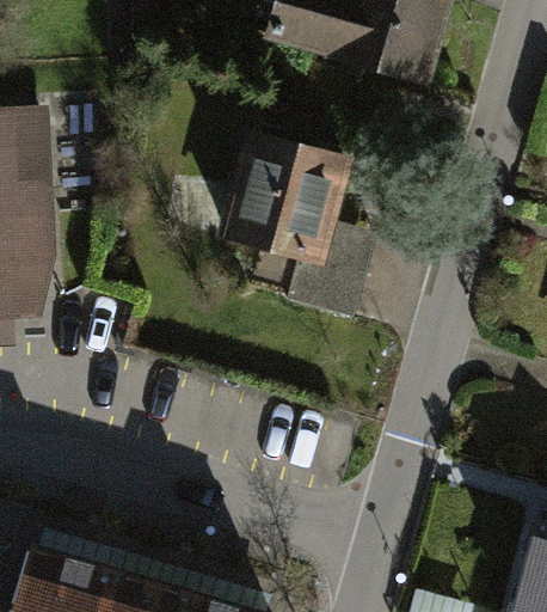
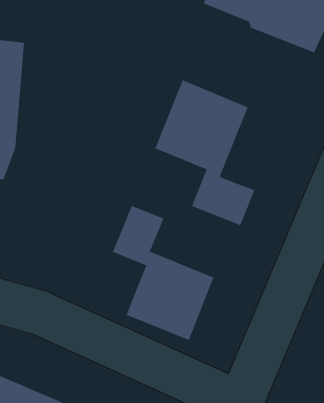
building: none -> [112,205,214,341]

